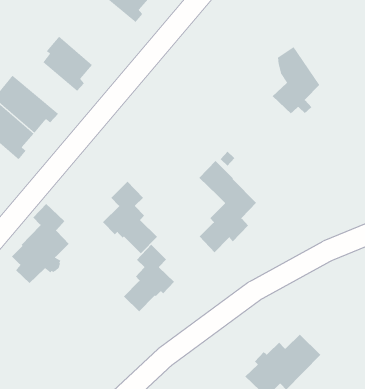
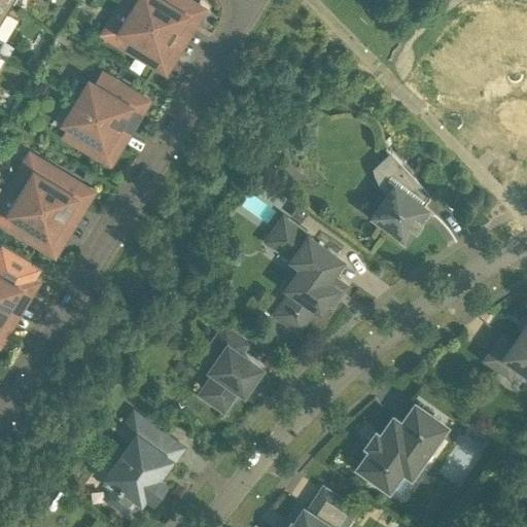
building: none -> [79,73,148,129]
building: [272,45,320,114] -> [375,150,430,232]
building: [102,181,158,254] -> none
building: [11,203,69,284] -> [105,415,171,513]

